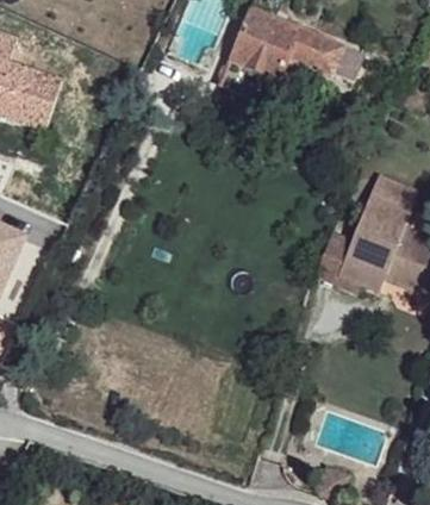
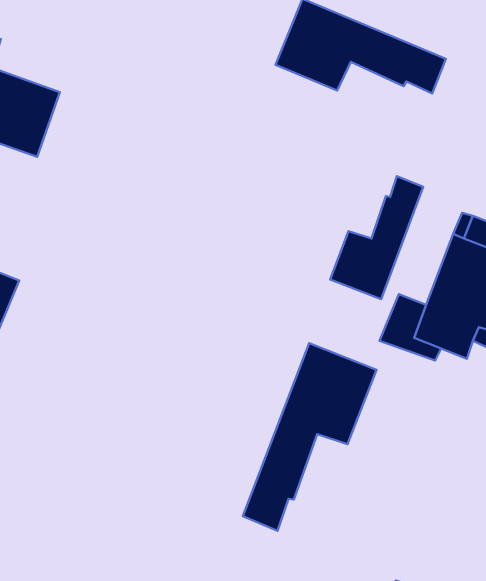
building: none -> [330,176,423,299]
building: none -> [243,343,376,531]

